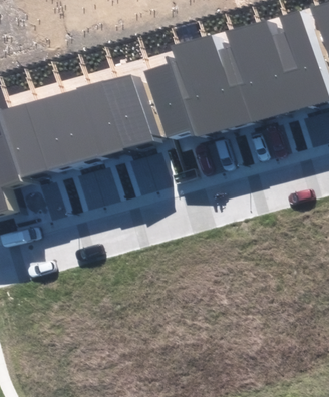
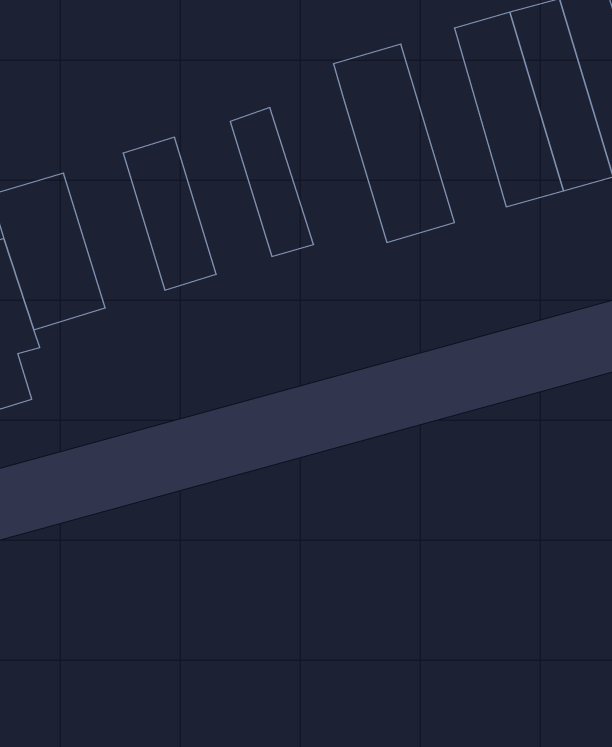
building: [205,29,258,127] -> none
building: [146,64,198,146] -> none
building: [90,76,139,153] -> none
building: [34,92,85,170] -> none

